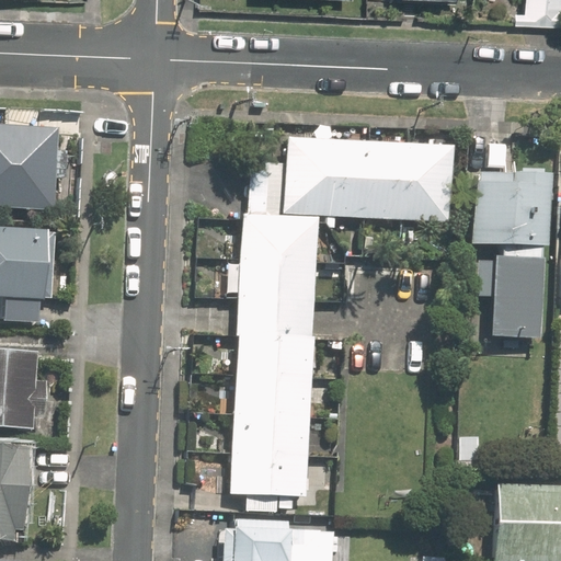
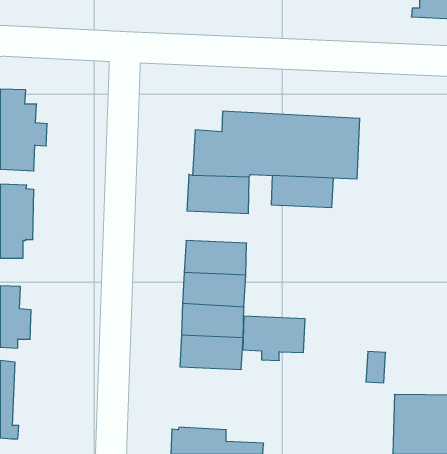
building: [472,172,548,337] -> none
building: [239,260,316,299] -> [271,175,334,207]
building: [230,451,307,506] -> [243,316,305,361]

